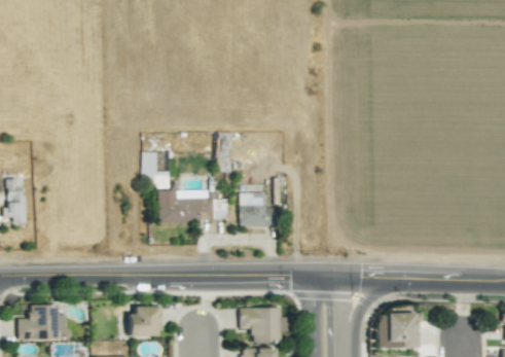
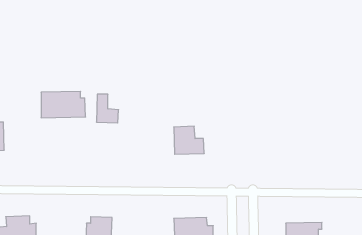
building: [159,189,215,222] -> [41,91,86,118]

